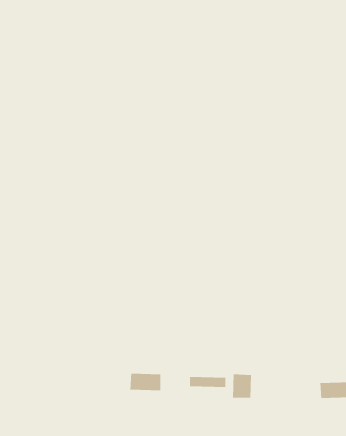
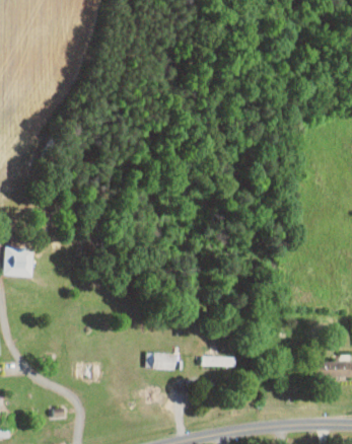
building: [232,373,252,398] -> none

